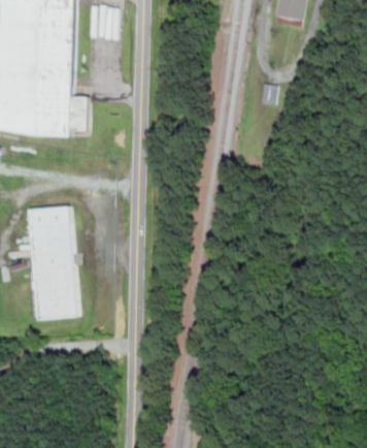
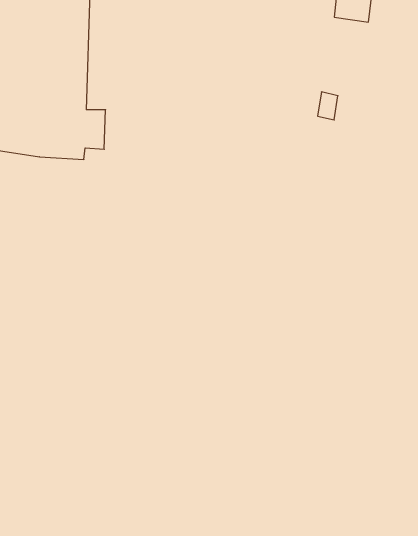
building: [29,204,76,318] -> none

